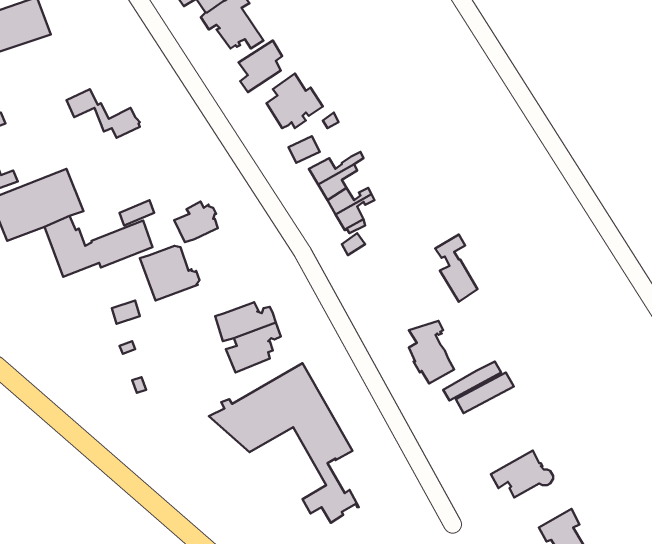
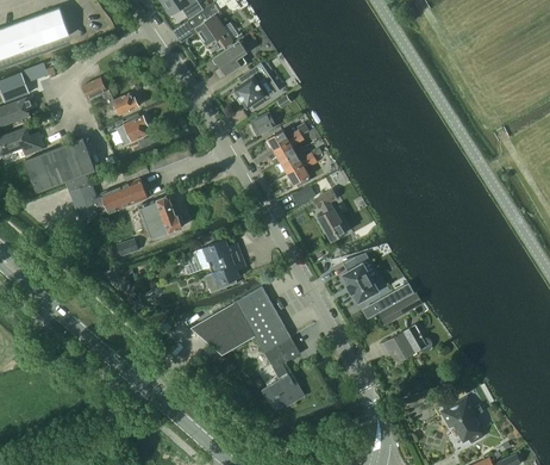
building: [174,201,218,242] -> [117,112,150,143]
building: [435,234,478,302] -> [314,190,346,241]
building: [491,451,553,498] -> [383,324,431,360]

